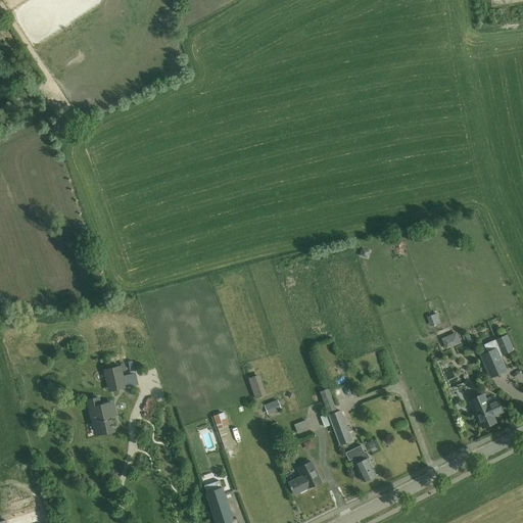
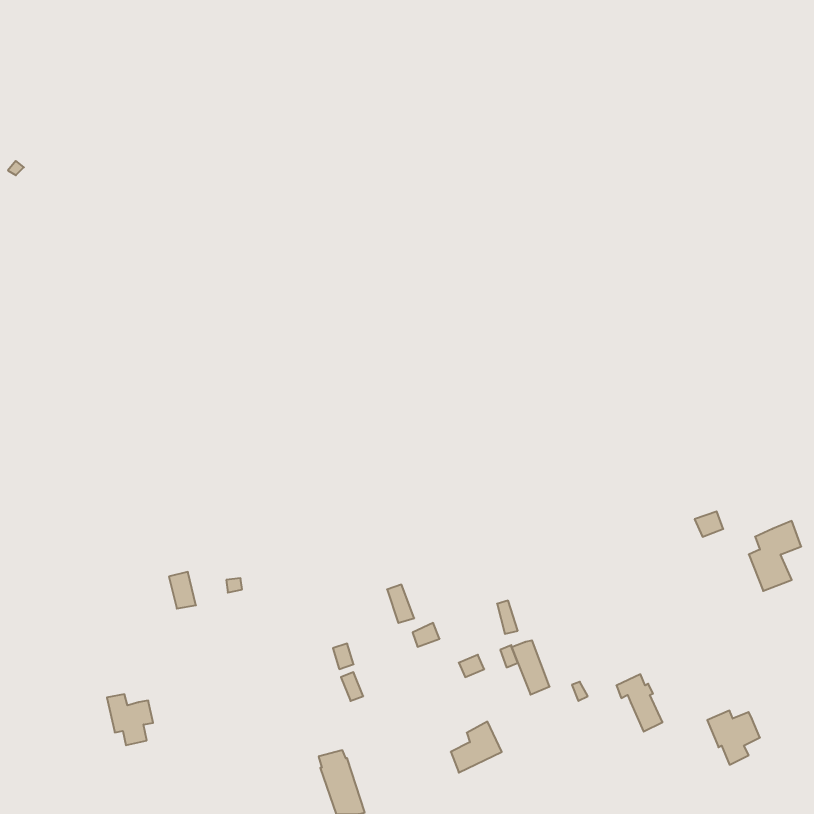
building: [469,394,503,429] -> [707,711,760,765]
building: [88,398,117,431] -> [107,694,153,745]
building: [346,445,376,482] -> [616,674,663,732]

